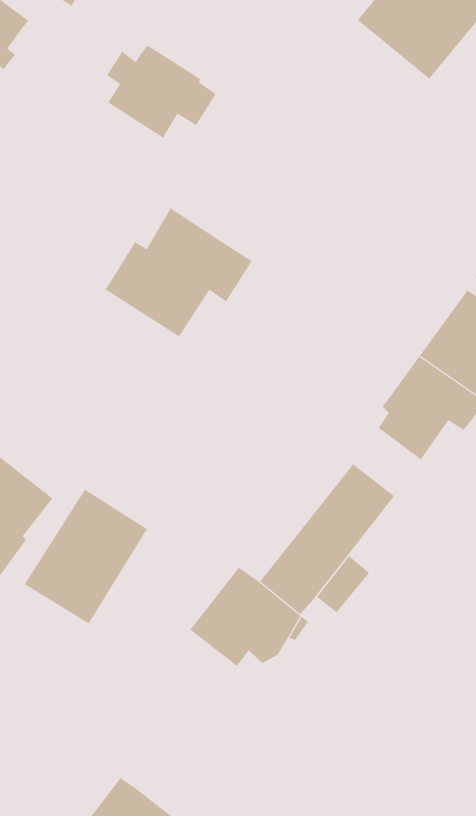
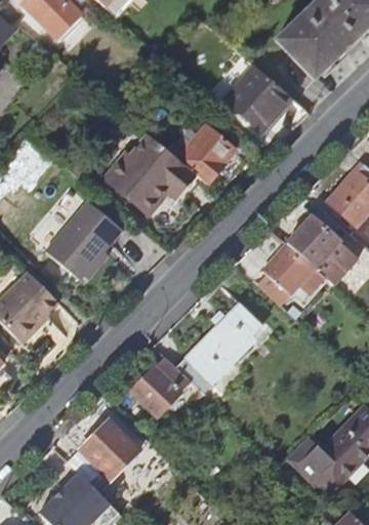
building: [106,44,217,139] -> [176,127,242,185]
building: none -> [224,65,291,130]
building: [24,489,148,624] -> [44,202,122,283]
building: none -> [68,420,139,480]

